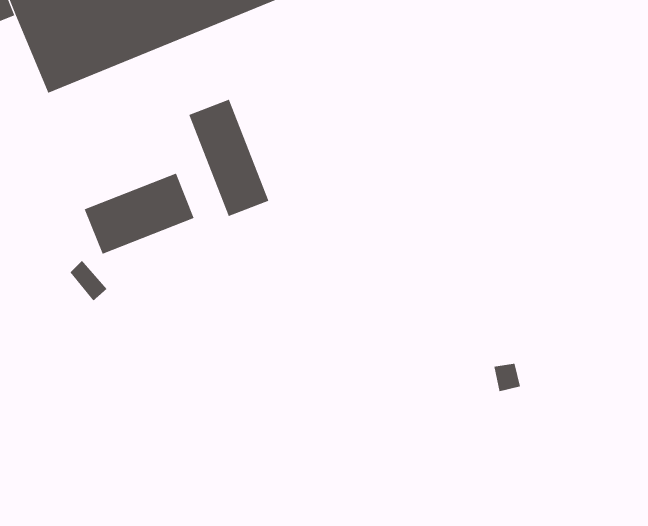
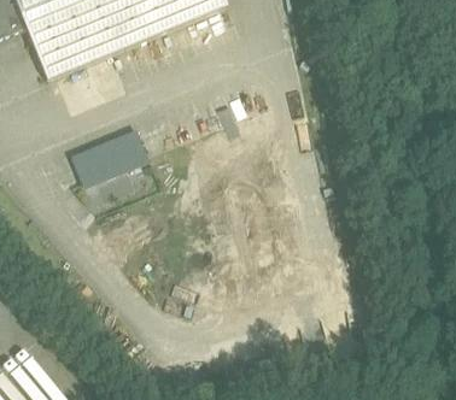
building: [188,99,269,217] -> none

